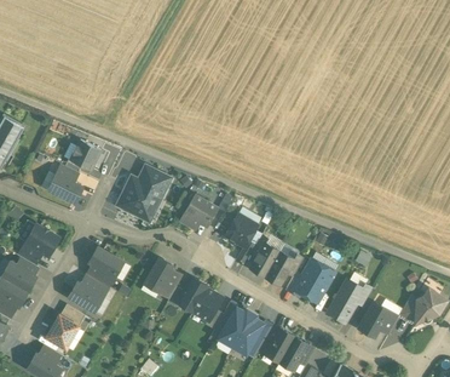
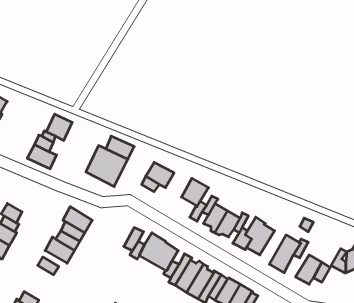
building: [25,224,59,256] -> none
building: [144,258,174,292] -> none
building: [46,314,79,348] -> none

